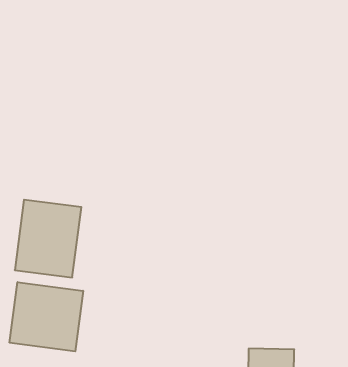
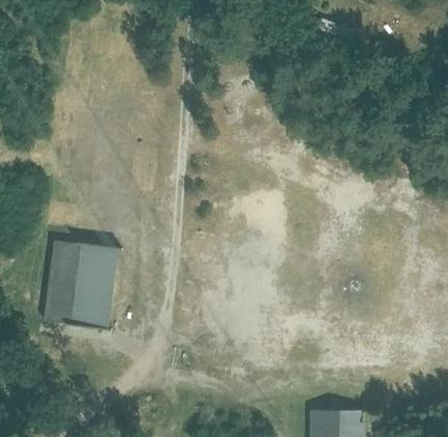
building: [10,282,83,351] -> none

